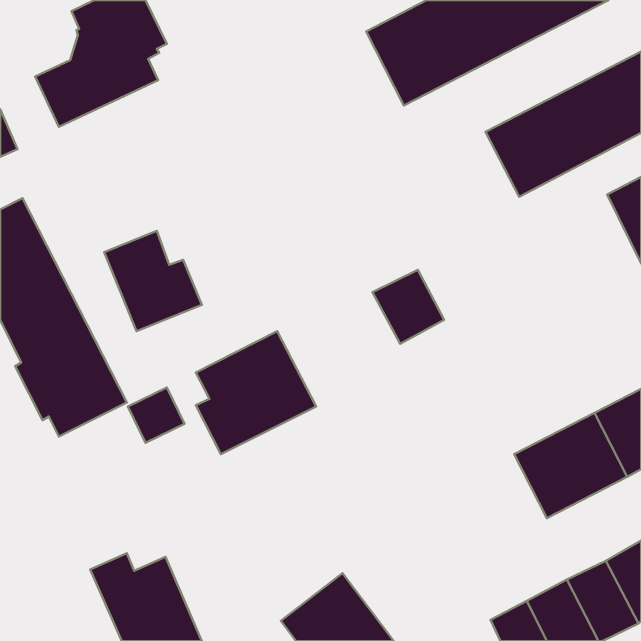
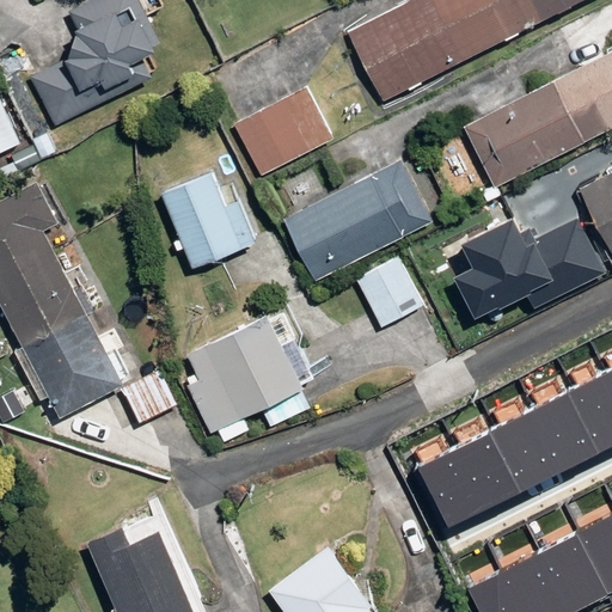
building: none -> [234,86,332,173]
building: none -> [283,159,432,281]
building: none -> [457,218,606,320]
building: [104,231,202,331] -> [160,172,253,268]
building: none -> [421,433,521,528]

